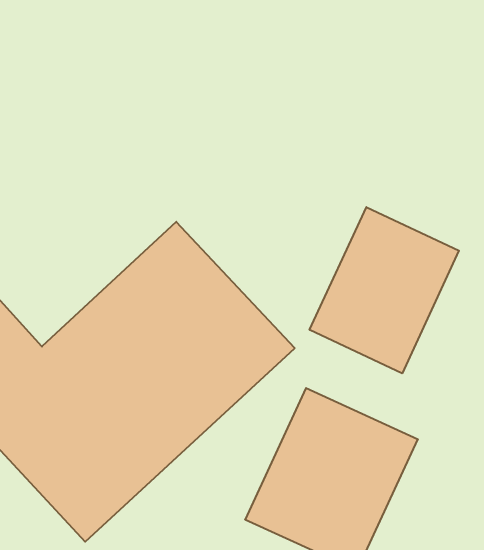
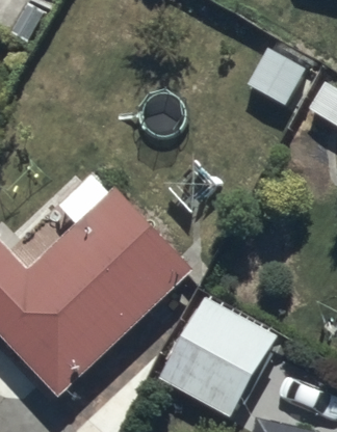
building: [310,207,459,373] -> none

